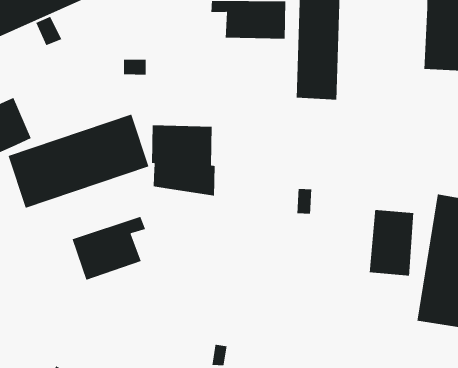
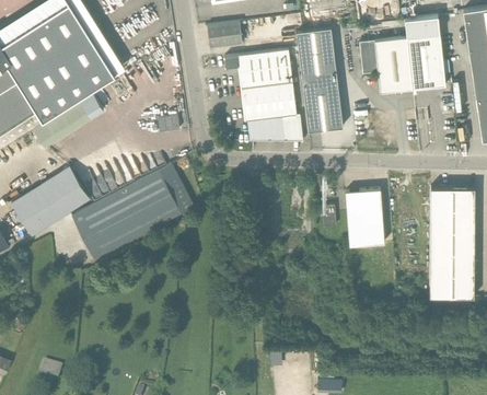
building: none -> [359,36,413,92]
building: [151,125,216,196] -> [241,81,303,140]
building: [369,209,414,277] -> [346,188,384,245]
building: [72,216,146,281] -> none

